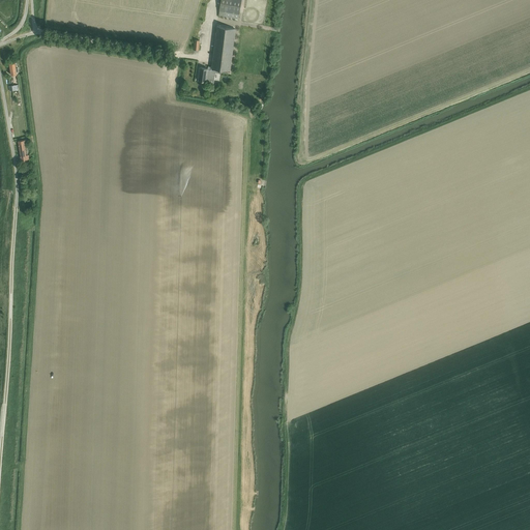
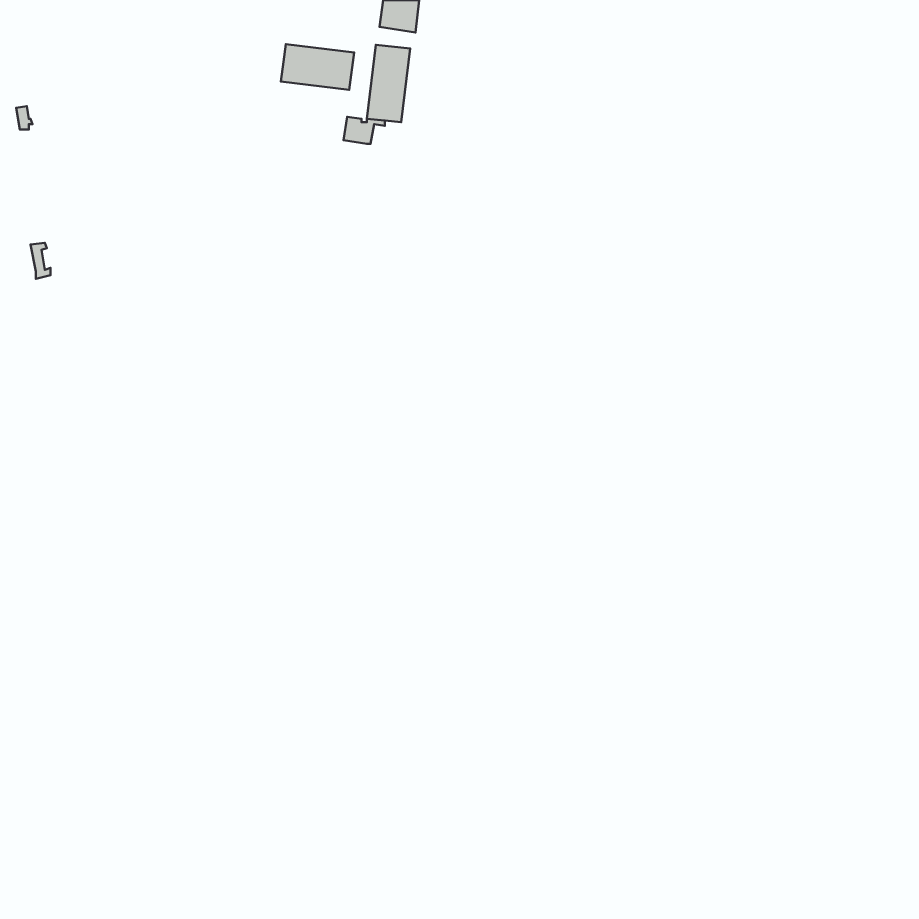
building: none -> [281,44,354,90]

